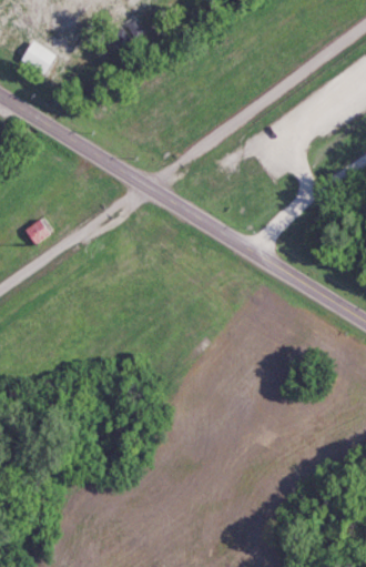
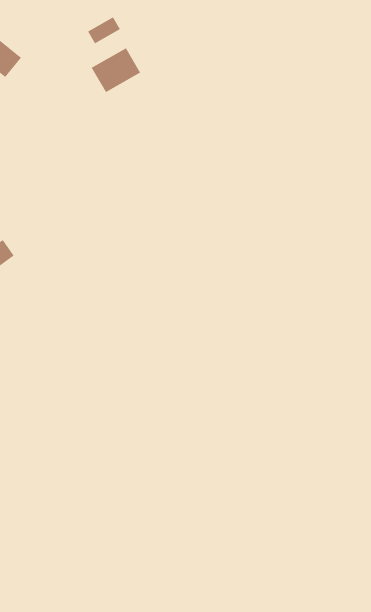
building: none -> [91,48,141,93]

